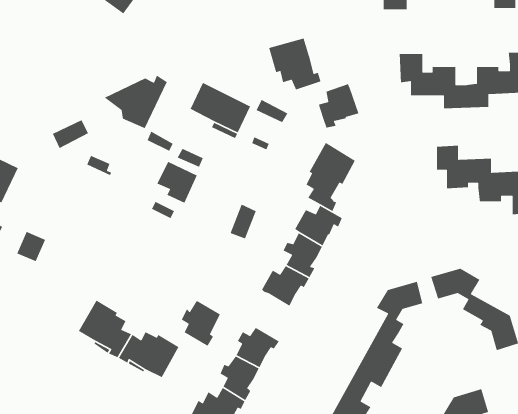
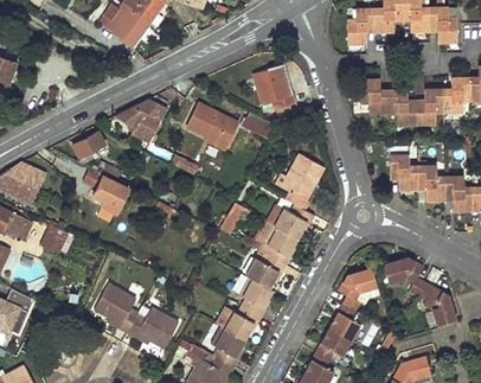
building: [318,83,360,129] -> none
building: [156,161,198,204] -> [92,175,127,211]
building: [181,300,221,347] -> [238,277,271,317]

